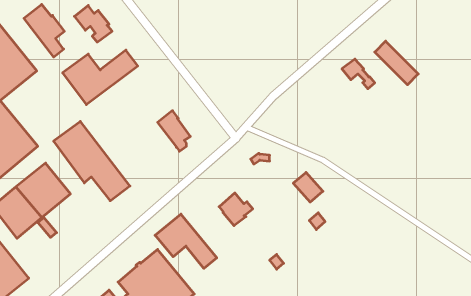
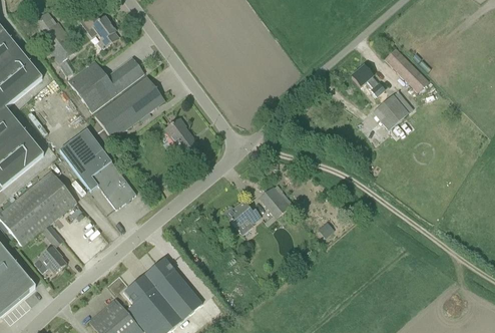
building: none -> [94,76,164,139]
building: none -> [373,90,413,129]
building: [293,172,323,202] -> [260,187,290,217]
building: [155,214,217,268] -> none
building: none -> [34,246,65,273]

